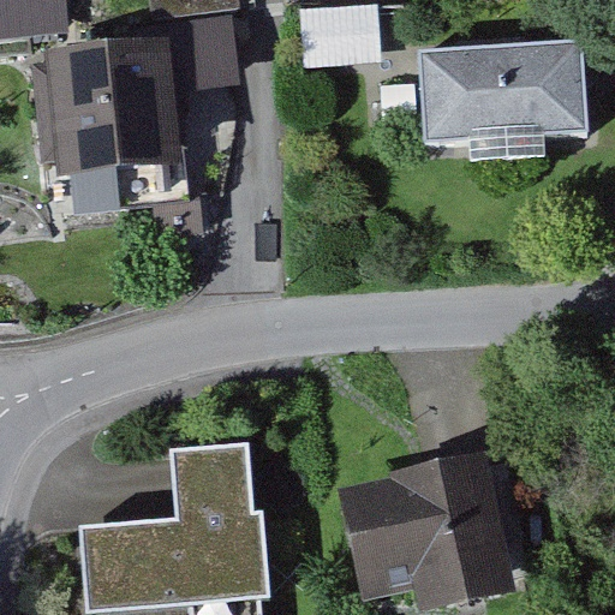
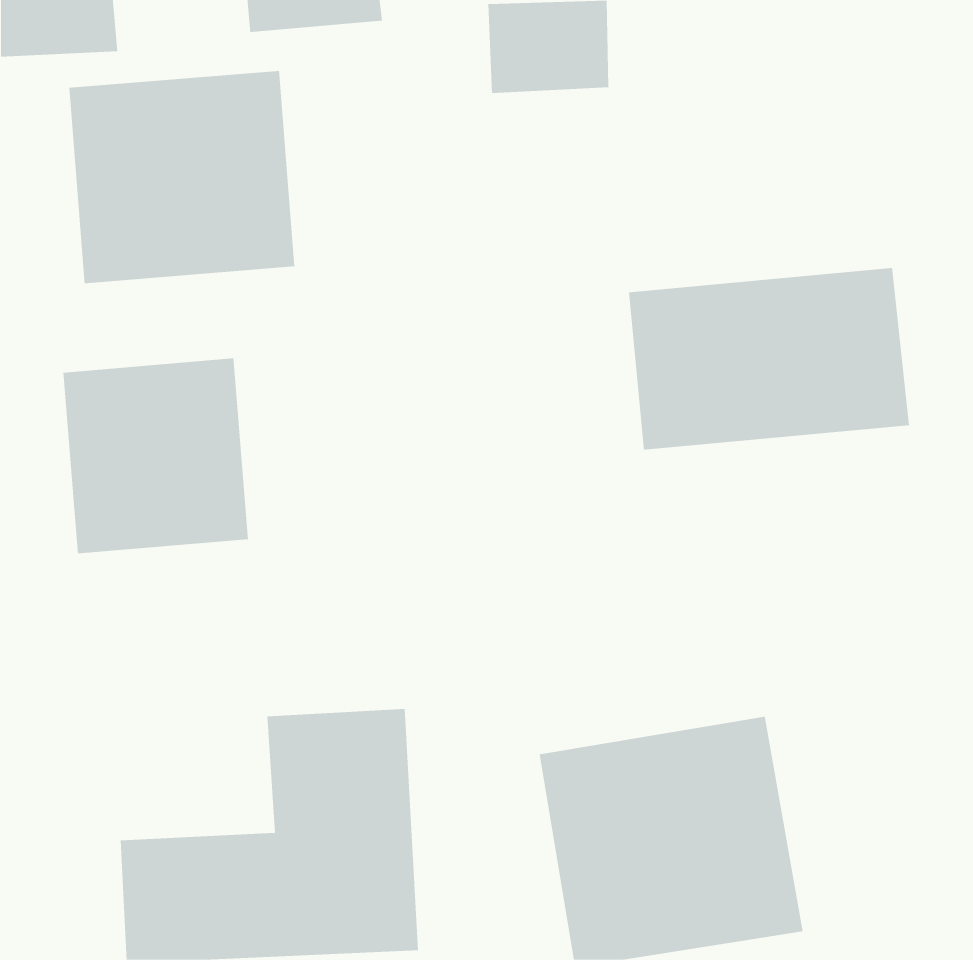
building: [416,37,593,153] -> [628,267,910,450]
building: none -> [63,358,249,554]

